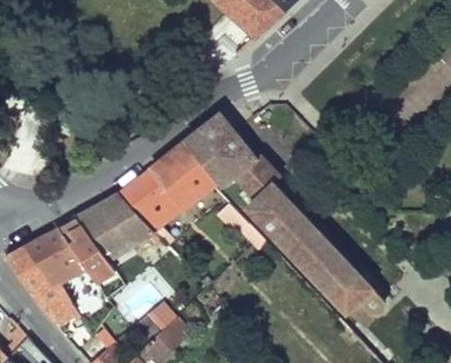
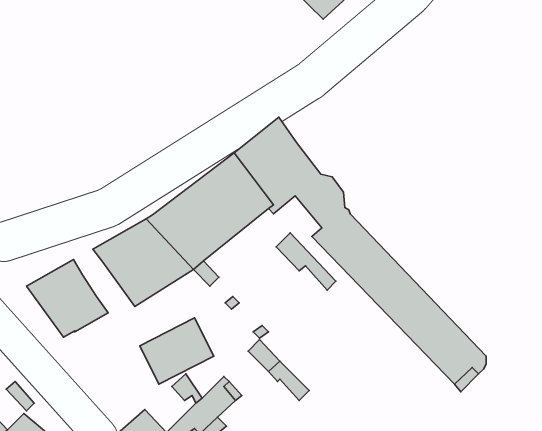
building: [66,226,110,275] -> none
building: [6,245,79,324] -> none

